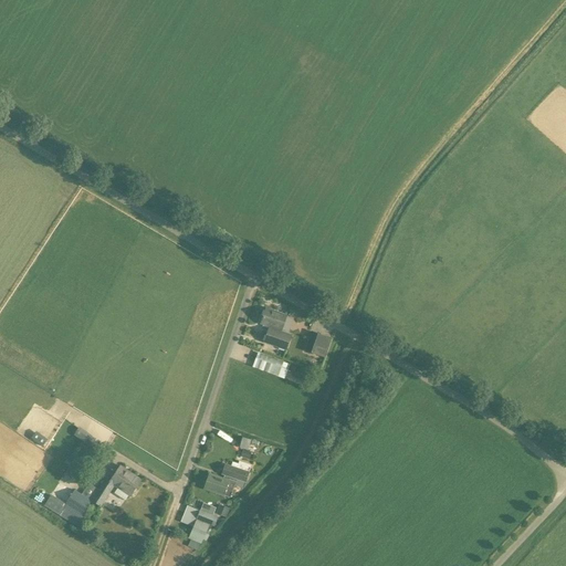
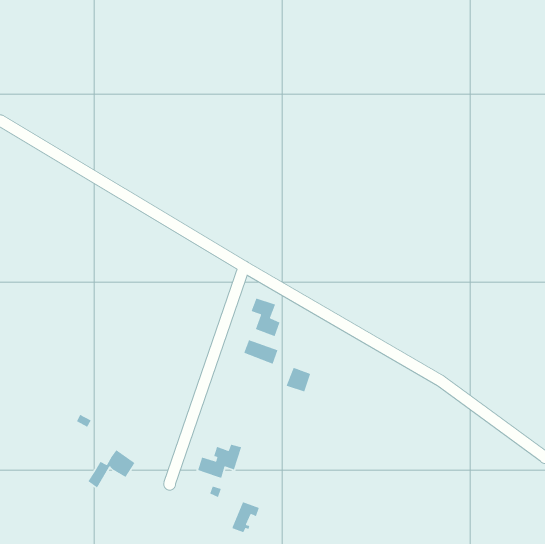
building: [304,331,331,357] -> [286,367,311,393]
building: [44,489,92,525] -> none
building: [189,509,218,542] -> [232,501,260,533]

